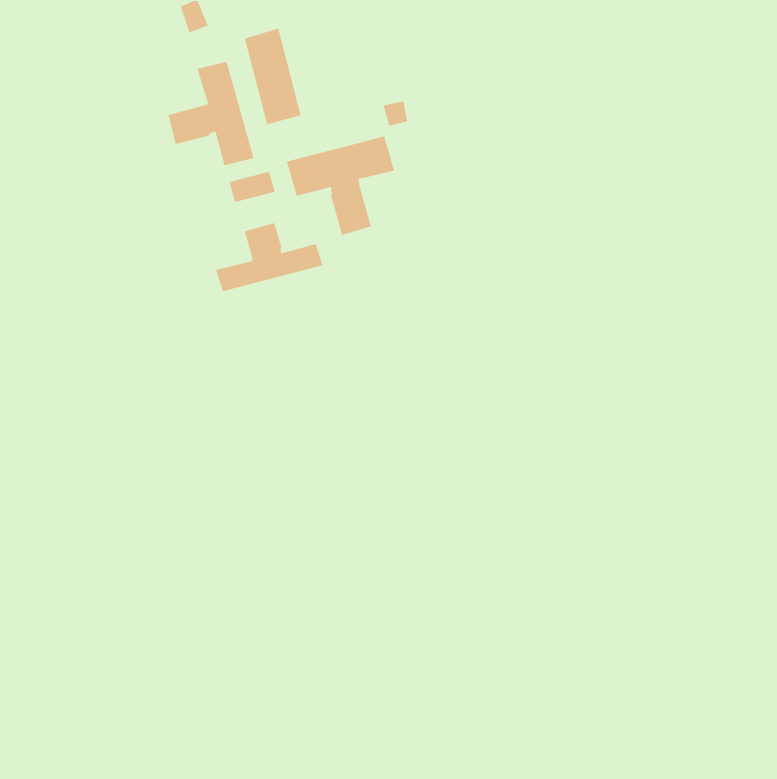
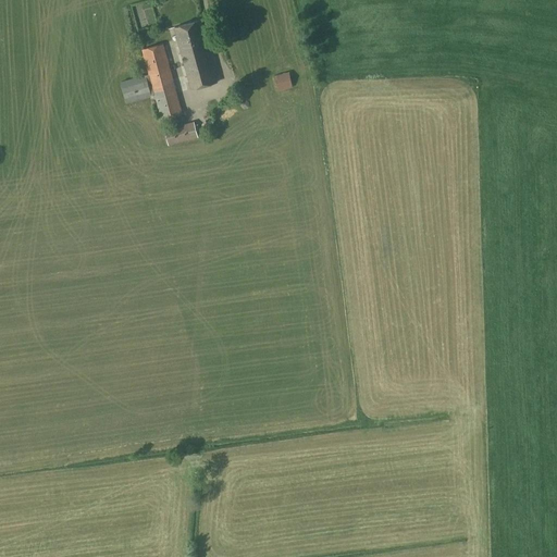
building: [286,135,395,236] -> none
building: [215,222,323,292] -> none

